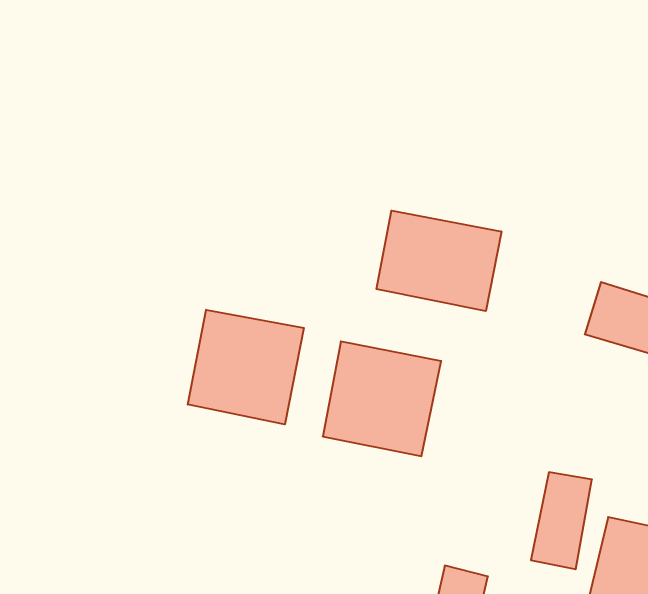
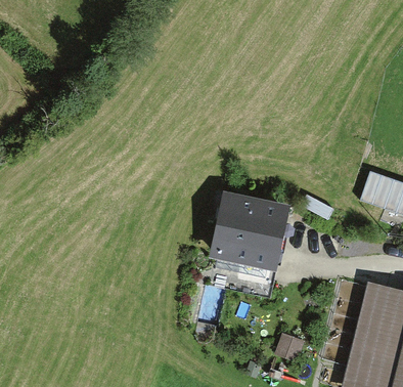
building: [376,211,501,311] -> none
building: [188,310,304,424] -> none

